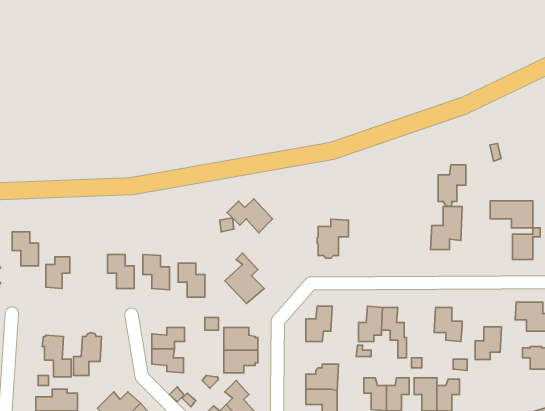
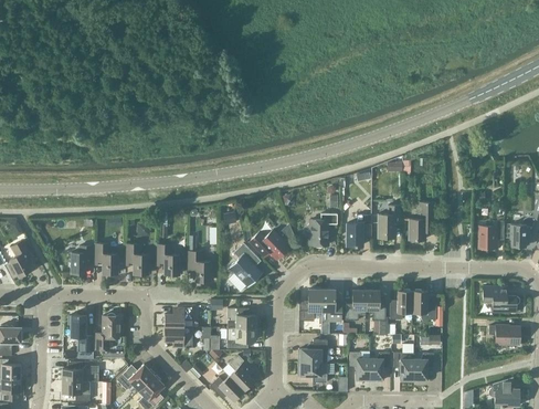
building: [438,165,466,206] -> [378,206,402,242]
building: [227,199,273,233] -> [250,230,289,260]
building: [490,201,533,228] -> none
building: none -> [347,214,372,247]
building: [12,232,39,266] -> [95,244,118,274]
building: none -> [321,290,342,322]
building: [475,327,502,360] -> [390,291,413,319]

